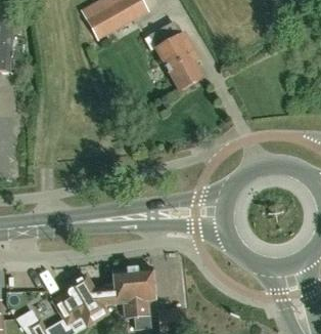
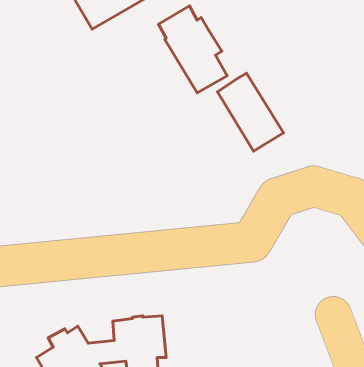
building: none -> [218,73,283,151]

